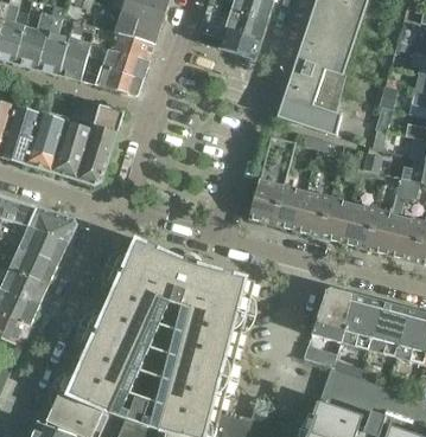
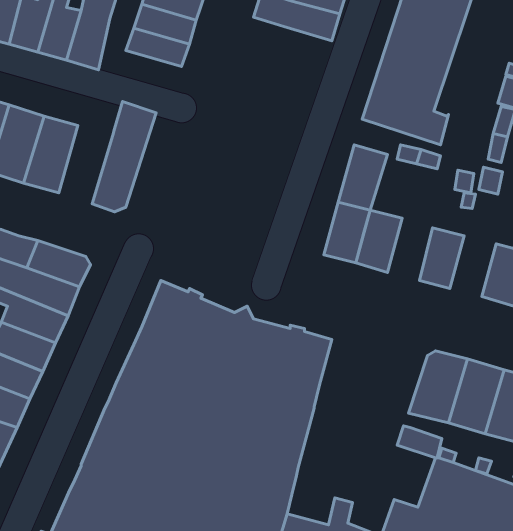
building: [82,65,144,95] -> none
building: [52,121,93,179] -> none
building: [297,189,330,236] -> none
building: [343,203,377,248] -> none

